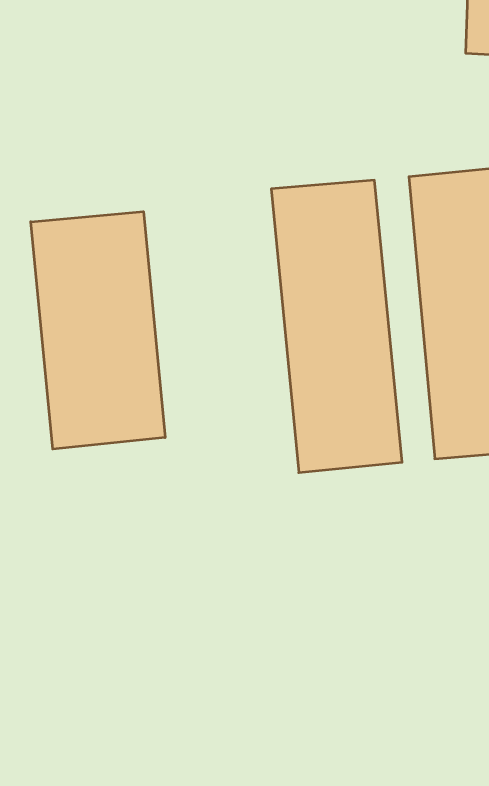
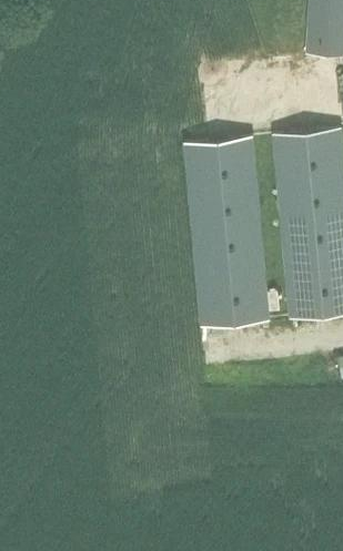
building: [31,212,165,449] -> none

